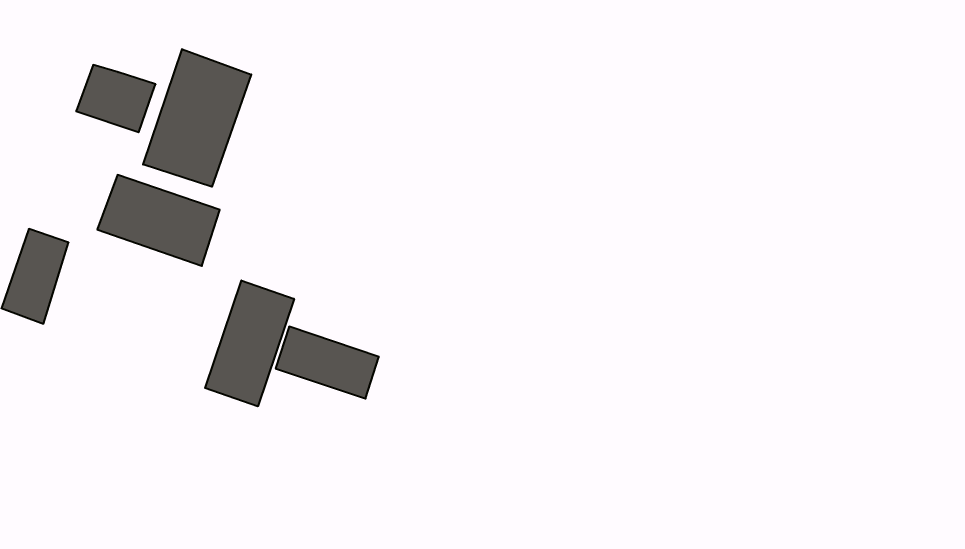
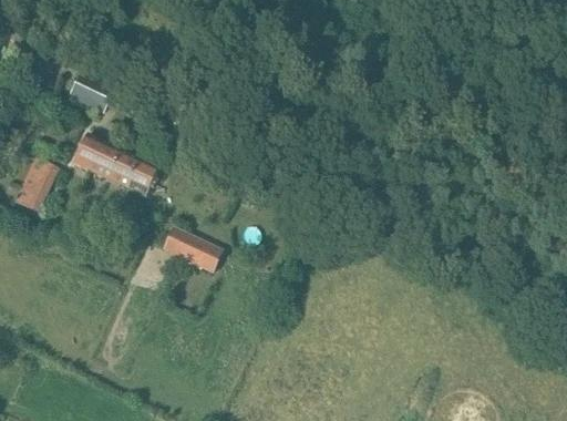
building: [143,49,251,187] -> none
building: [205,280,294,406] -> none

